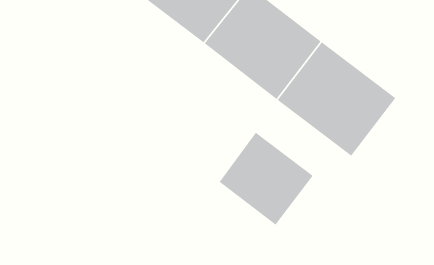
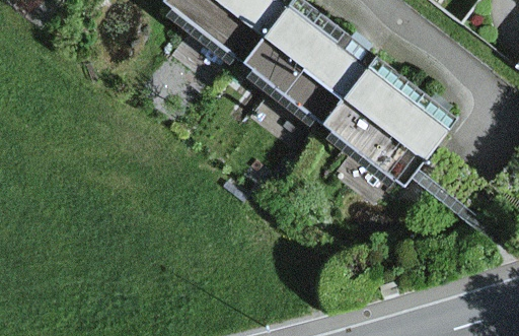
building: [219,132,314,225] -> none

